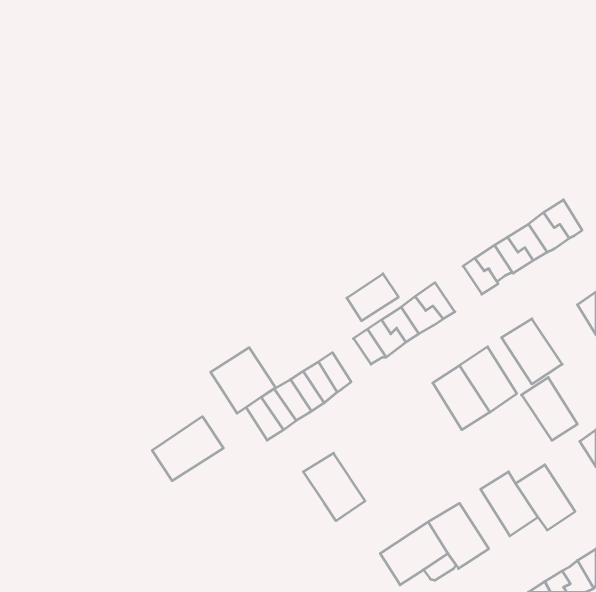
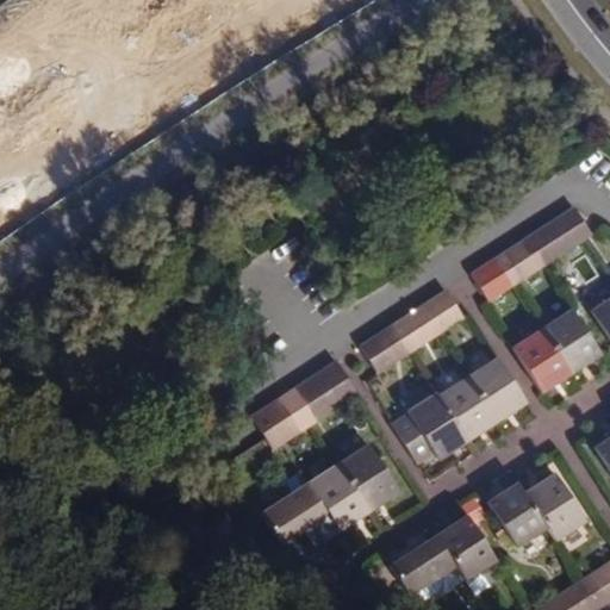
building: [347,274,398,321] -> none
building: [211,348,275,413] -> none
building: [521,377,577,440] -> [543,307,600,372]
building: none -> [409,388,472,459]
building: [152,417,223,481] -> [259,481,331,547]
building: none -> [341,444,399,511]

